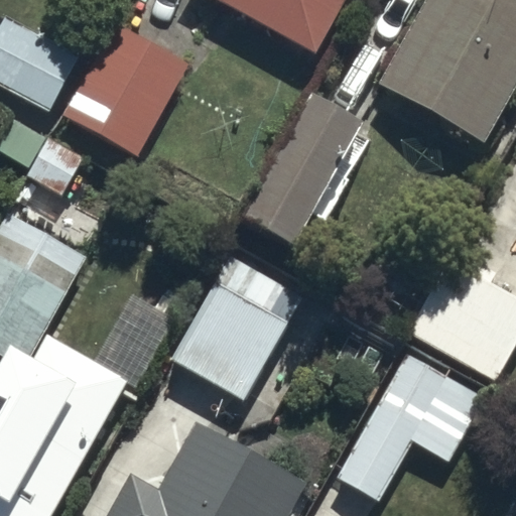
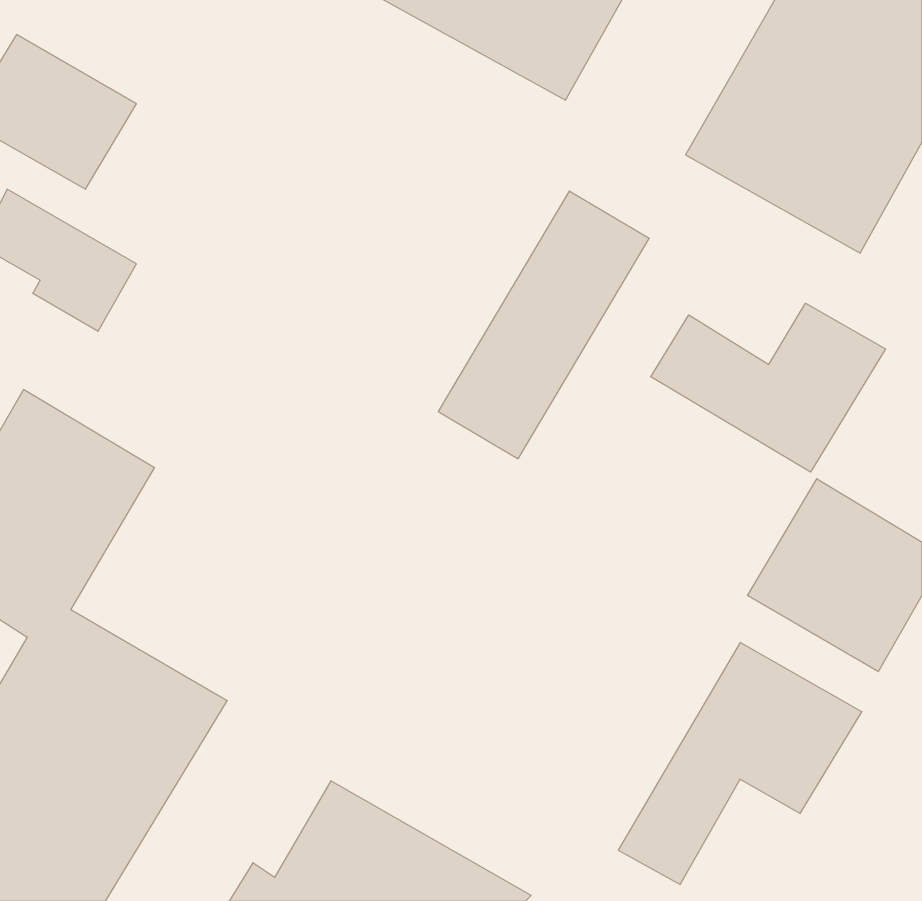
building: [71,33,183,150] -> none
building: none -> [651,303,886,472]
building: [178,288,286,395] -> none

